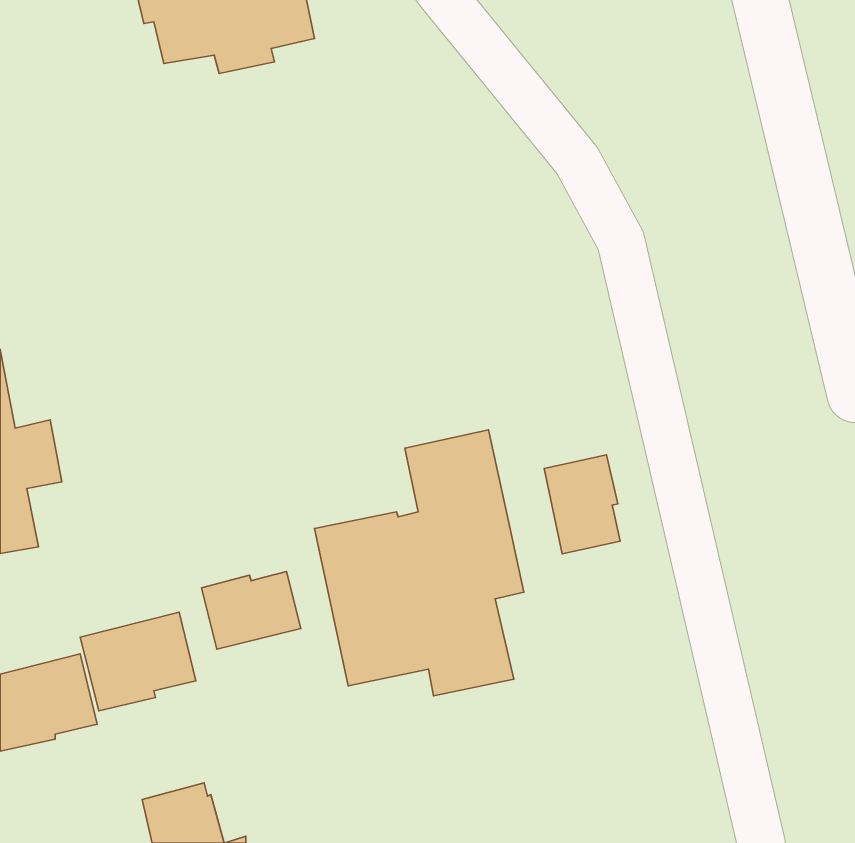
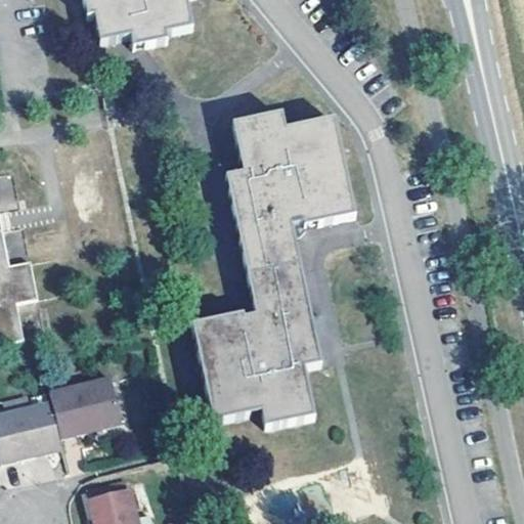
building: none -> [226,112,355,274]
building: [544,455,620,554] -> none
building: [202,572,301,649] -> none

